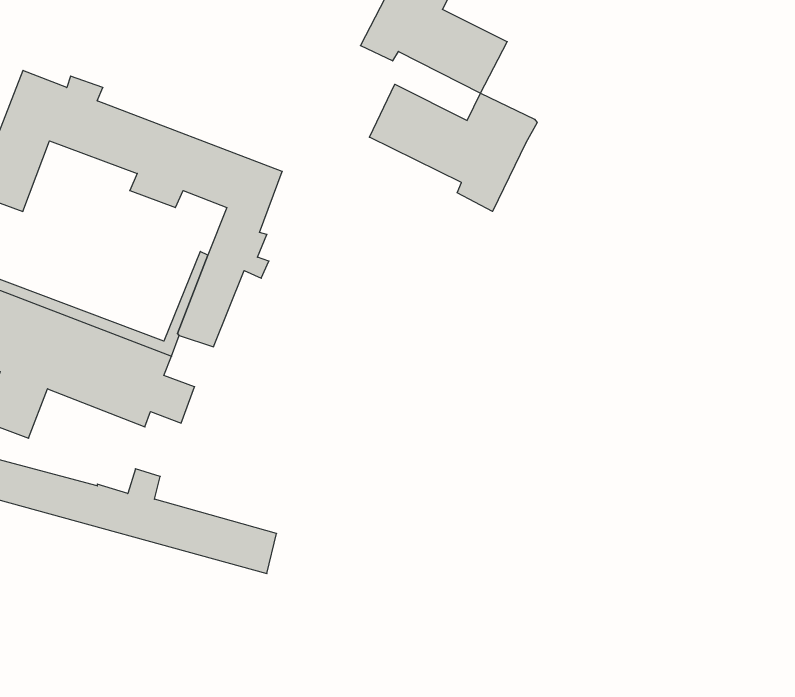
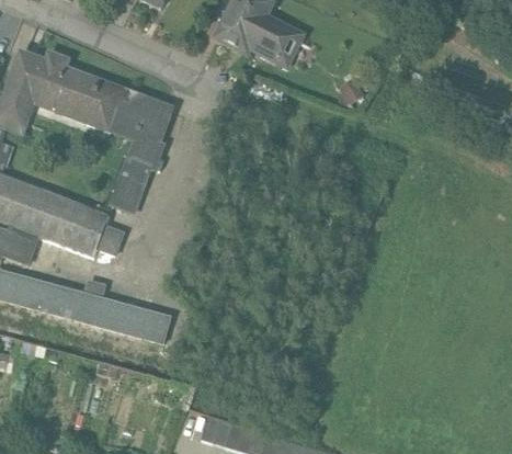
building: [369,84,537,211] -> none

